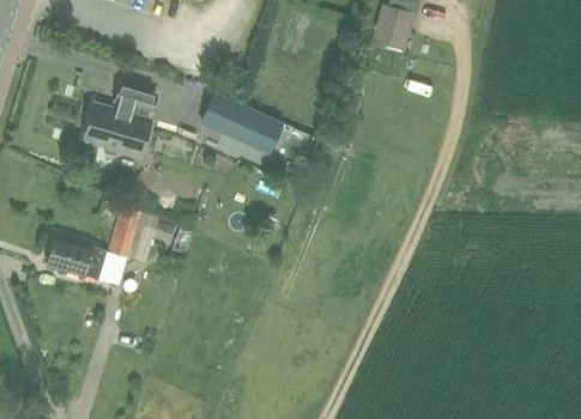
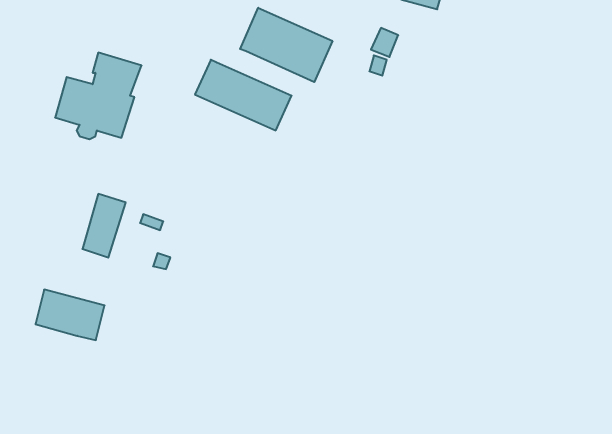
building: none -> [240,8,332,82]
building: [48,238,105,280] -> [35,290,105,340]

